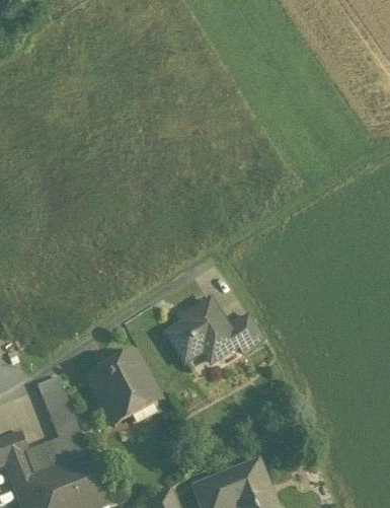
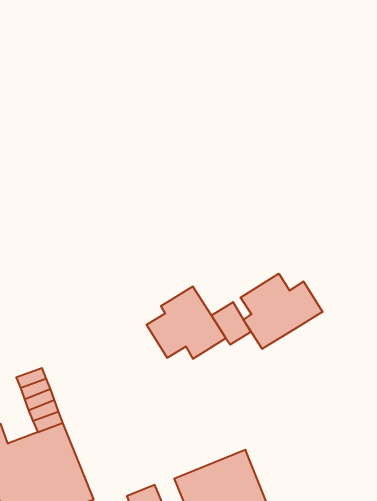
building: none -> [241,274,323,349]
building: [86,352,165,429] -> none

